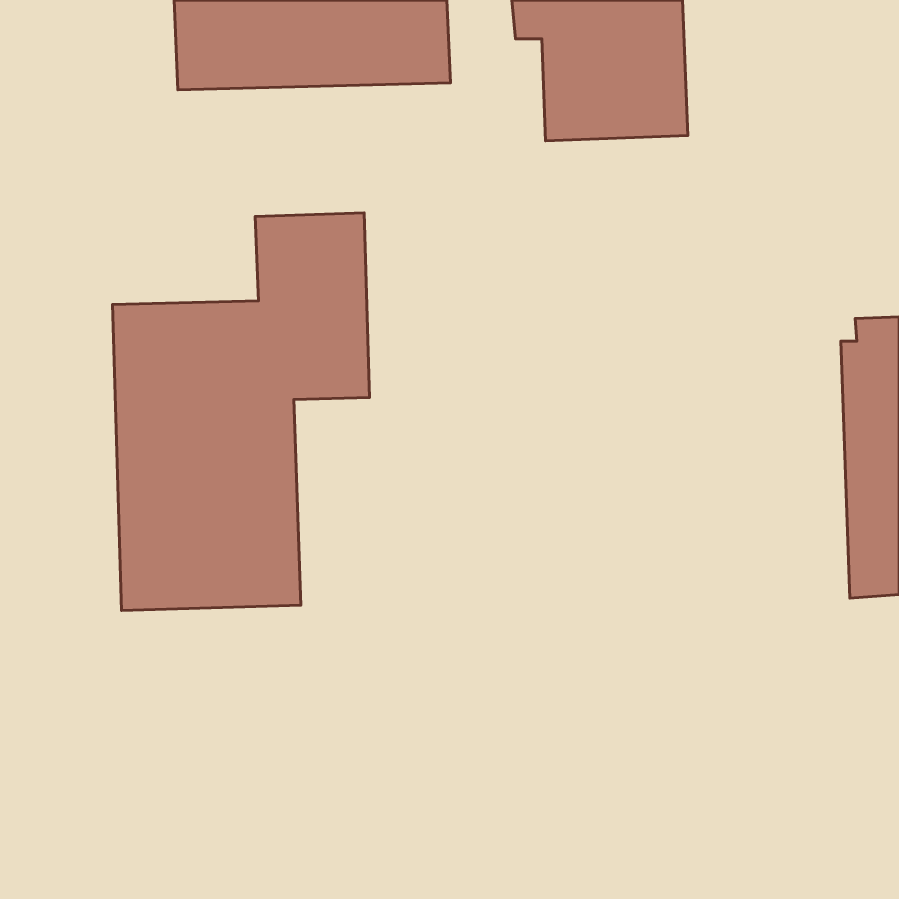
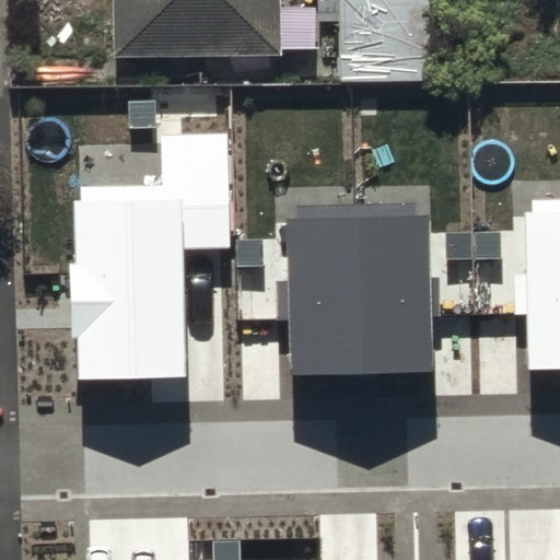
building: none -> [287,201,435,378]

